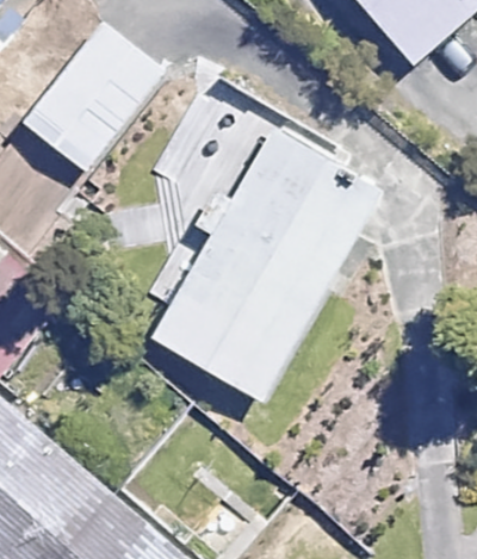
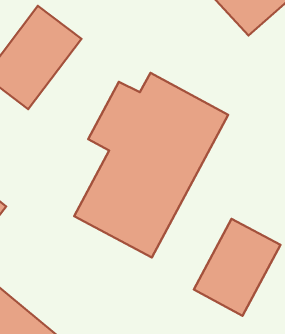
building: none -> [194,219,280,316]

